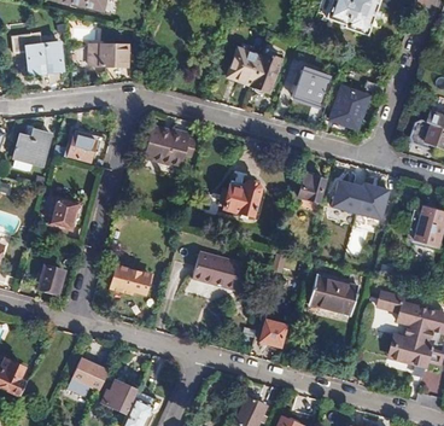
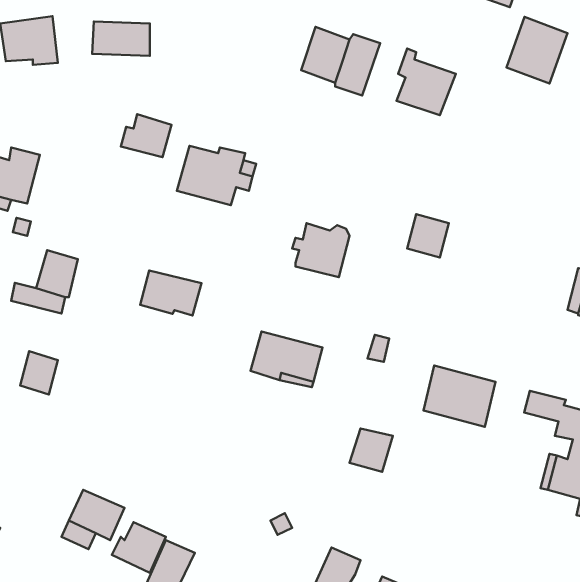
building: [328,84,369,129] -> [506,17,568,84]
building: [63,133,97,162] -> [121,114,171,157]
building: [327,179,390,221] -> none
building: [110,264,151,294] -> [140,271,201,316]

